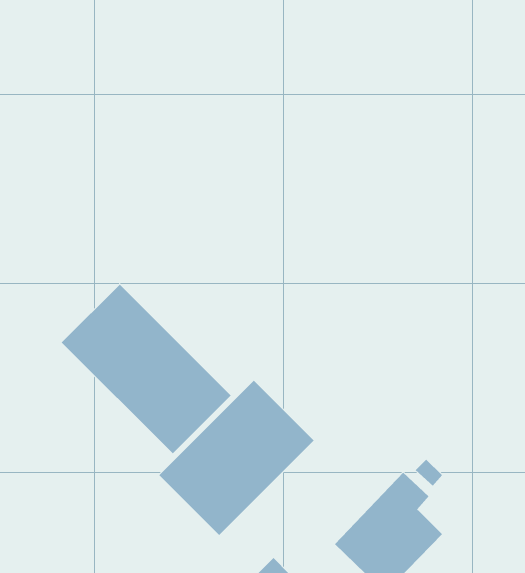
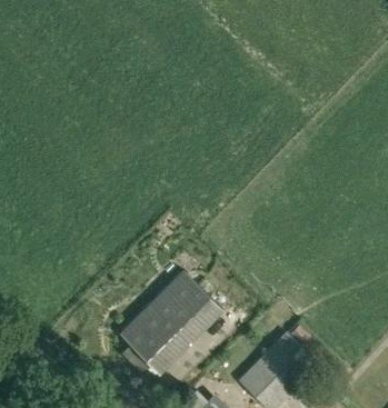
building: [61,284,232,454] -> none

